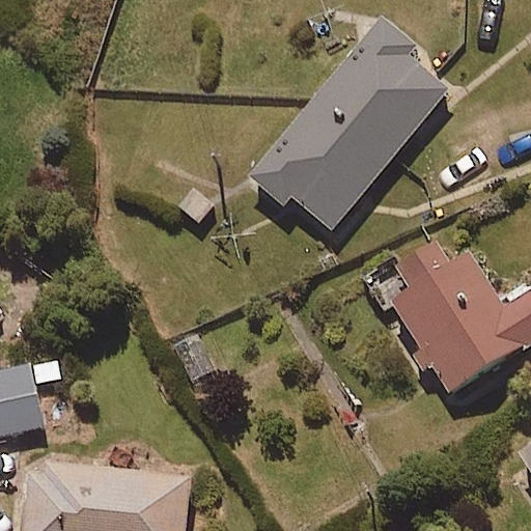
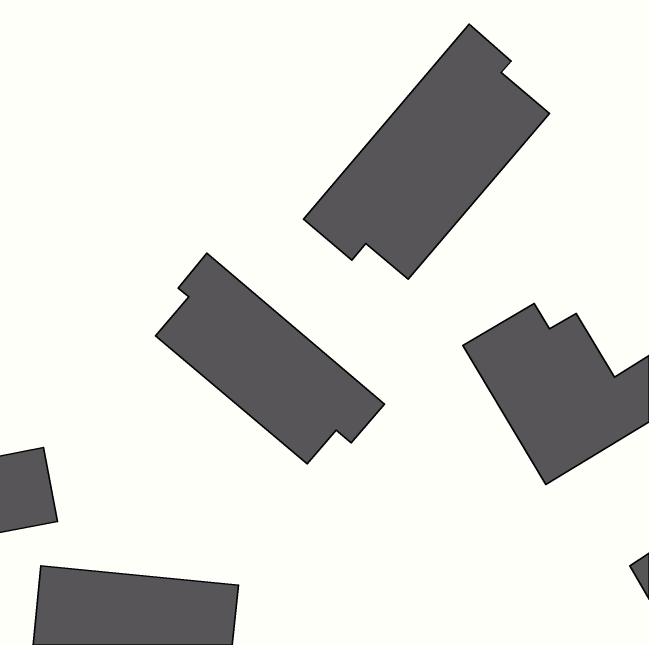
building: none -> [156,253,384,464]

